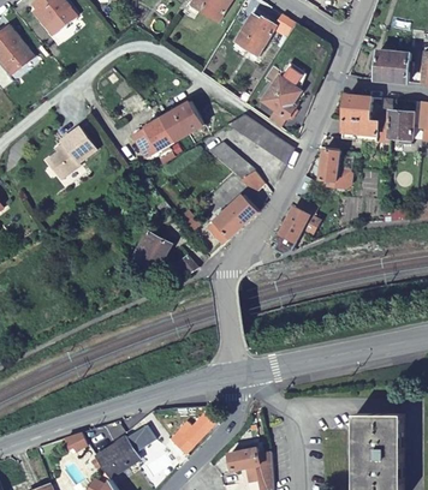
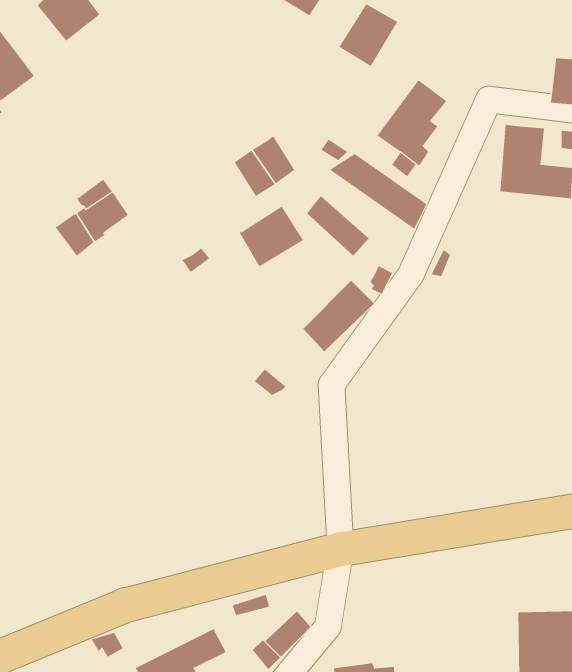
building: [135,118,178,159] -> [239,206,304,267]
building: [317,147,350,186] -> none
building: [271,196,317,253] -> none
building: [129,229,170,271] -> none

